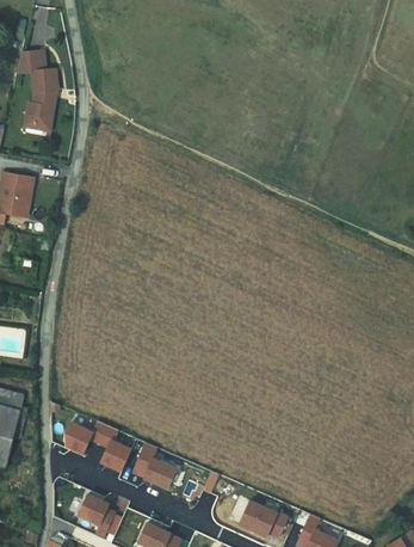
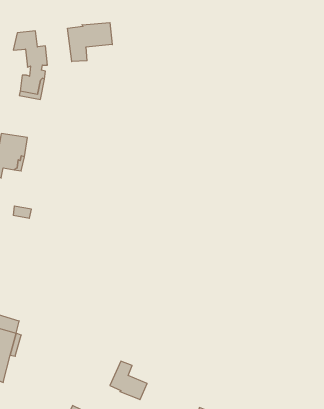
building: none -> [68,23,112,62]
building: [66,420,131,471] -> none

